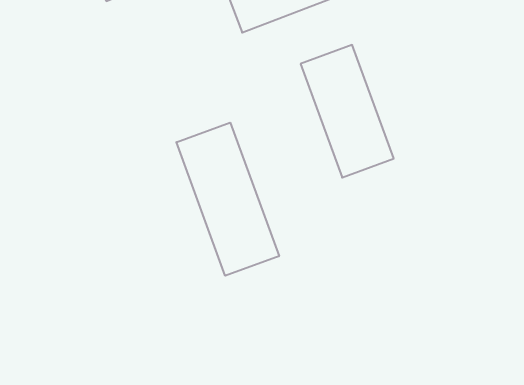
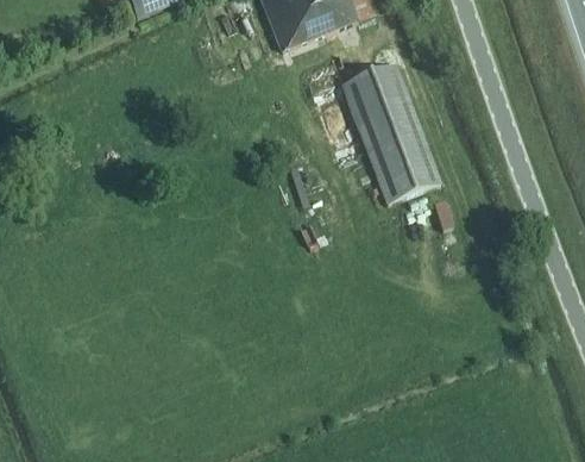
building: [176,123,279,276] -> none

